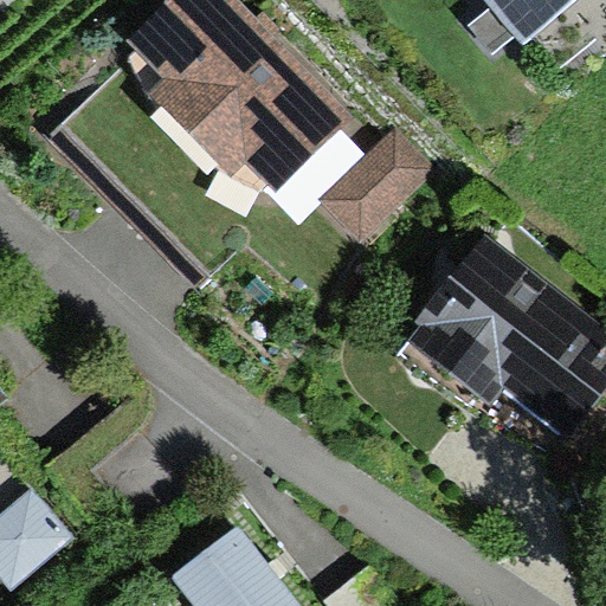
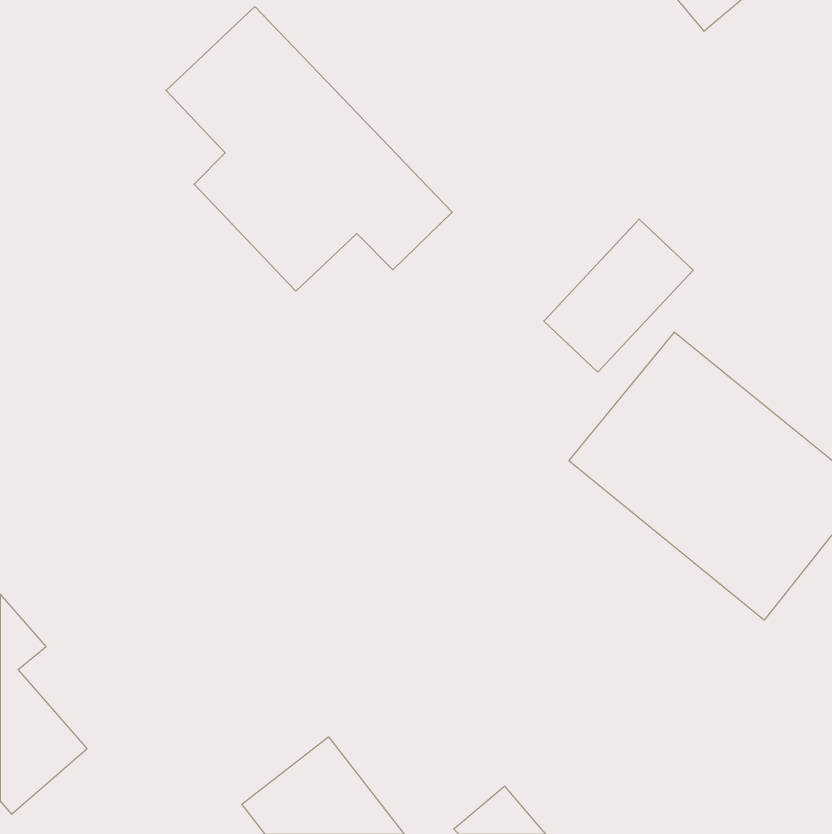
building: [307,141,414,251] -> [544,219,693,372]

